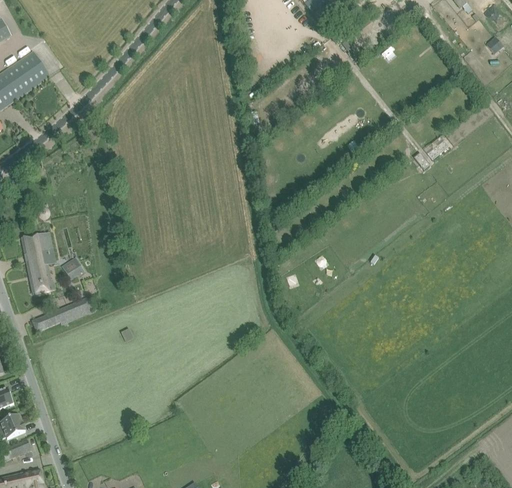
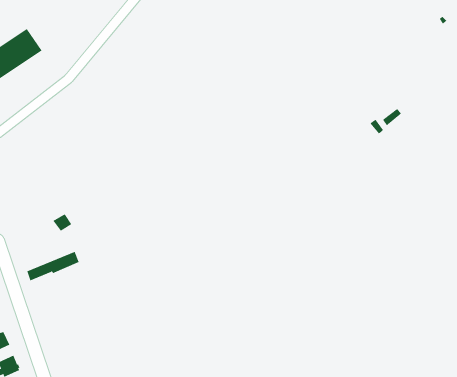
building: [21,232,55,294] -> none

